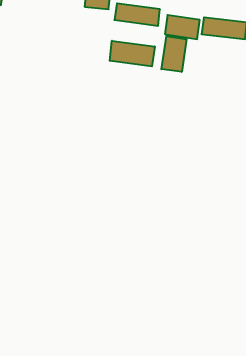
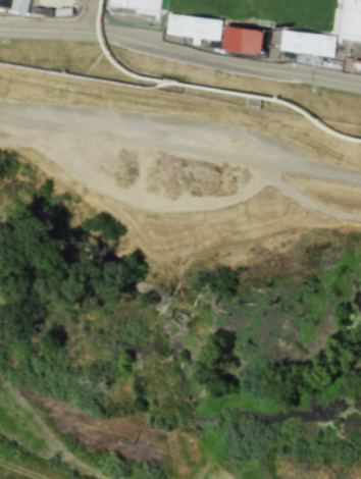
building: [161,36,187,72] -> none
building: [110,41,155,66] -> none

